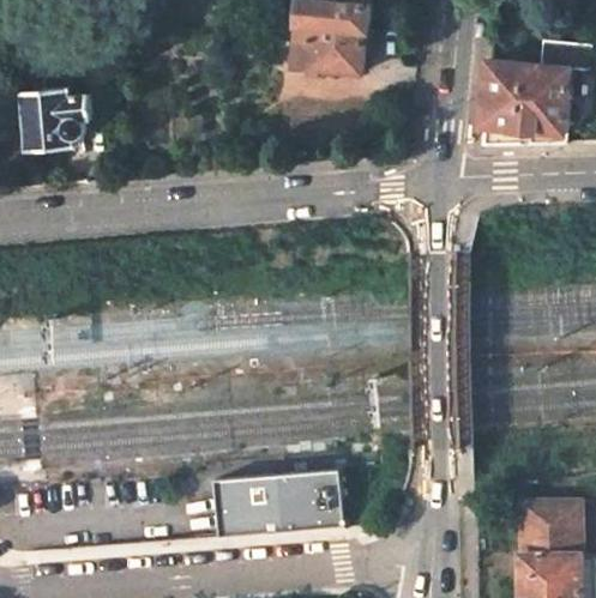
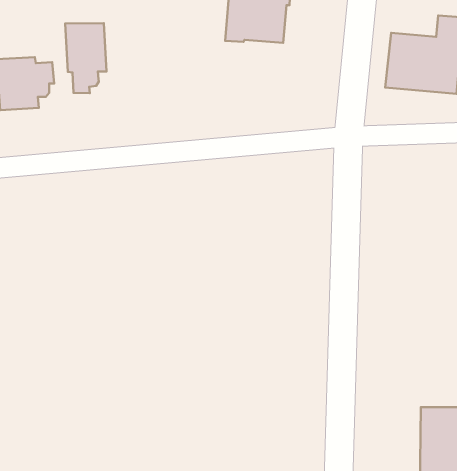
building: none -> [65,23,106,93]
building: [205,475,335,542] -> none

